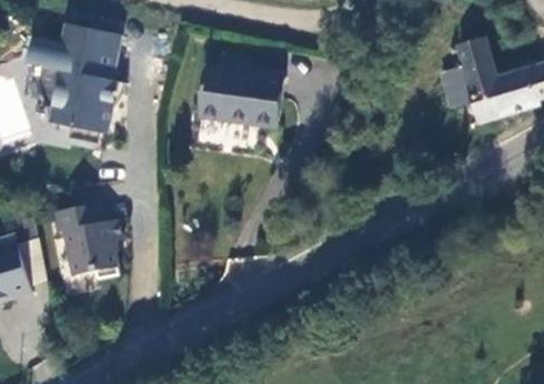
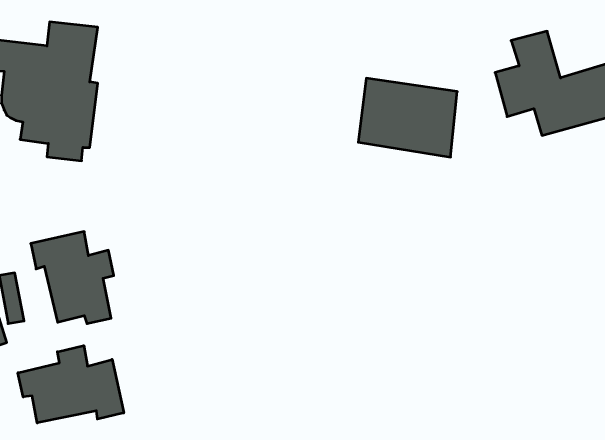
building: [200,63,282,129] -> [358,78,457,157]
building: none -> [18,346,124,423]

